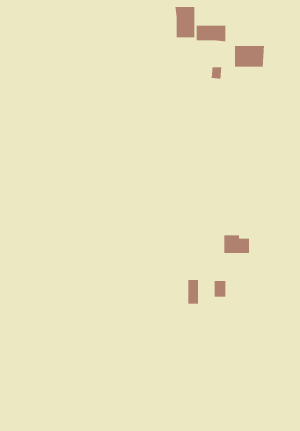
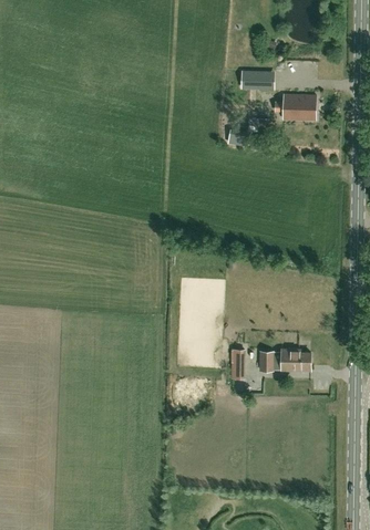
building: [175,6,195,38] -> none
building: [224,235,250,254] -> [281,350,310,371]

